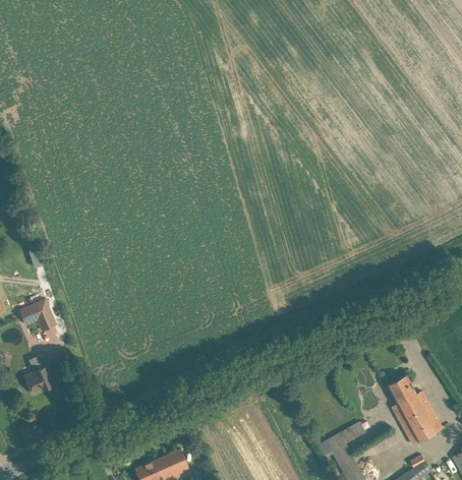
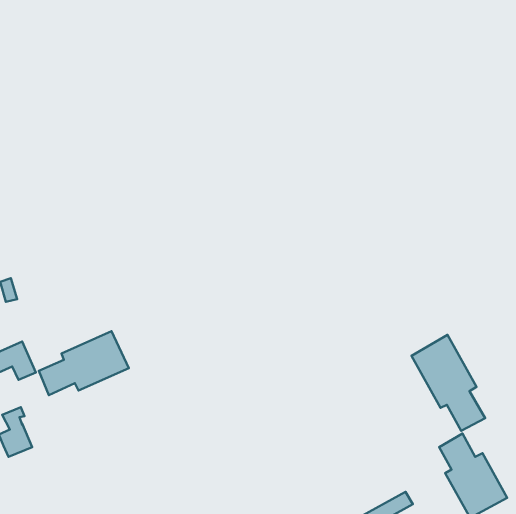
building: none -> [39,331,129,395]
building: none -> [411,335,485,431]

